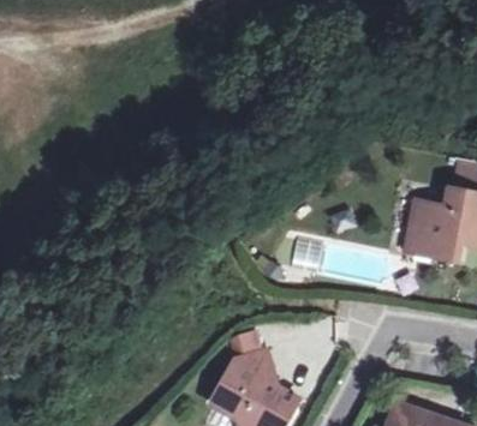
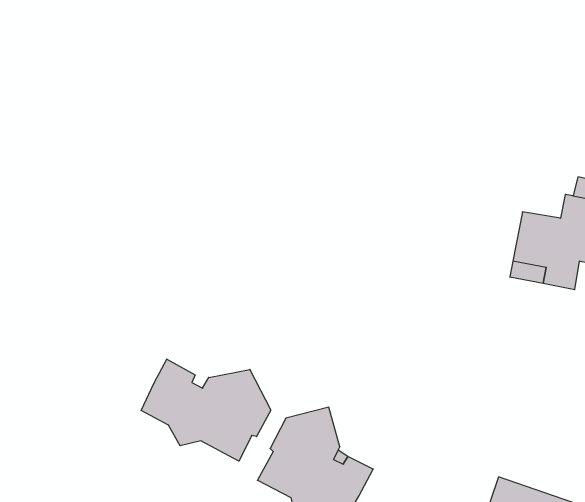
building: none -> [141,359,271,461]

